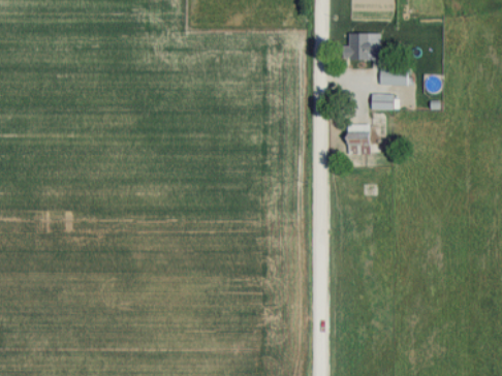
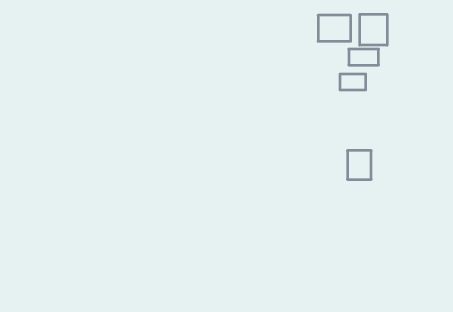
building: none -> [360,14,387,45]
building: [348,124,373,154] -> [347,151,371,179]

